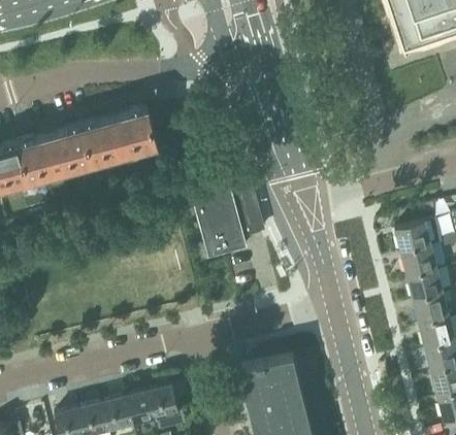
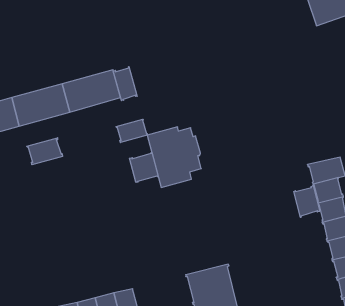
building: none -> [113,67,137,101]
building: none -> [116,119,147,143]
building: none -> [27,138,63,165]
building: none -> [129,152,158,182]
building: none -> [294,186,320,217]

